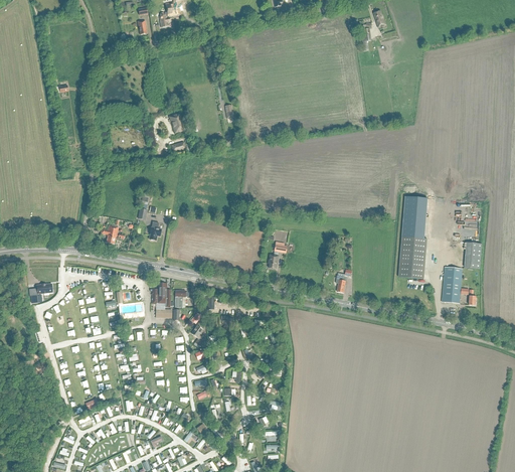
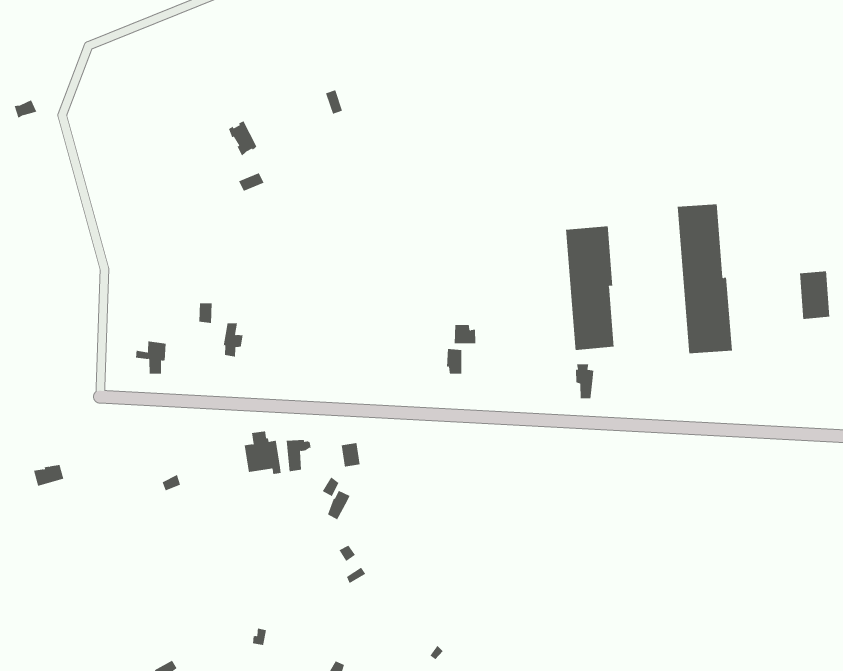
building: none -> [566,226,614,351]
building: [442,267,462,303] -> none

